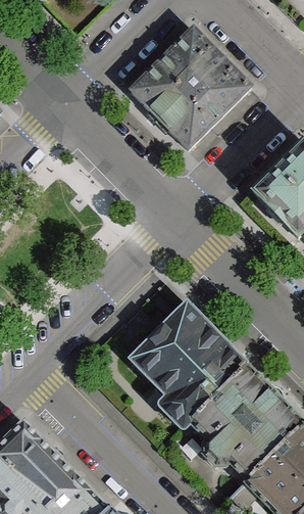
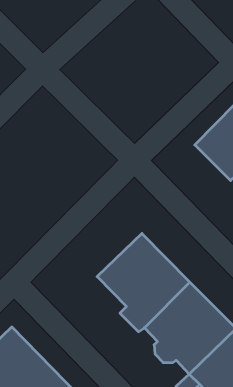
building: [131,29,249,148] -> none

